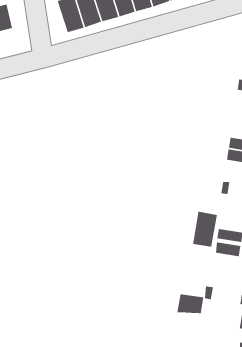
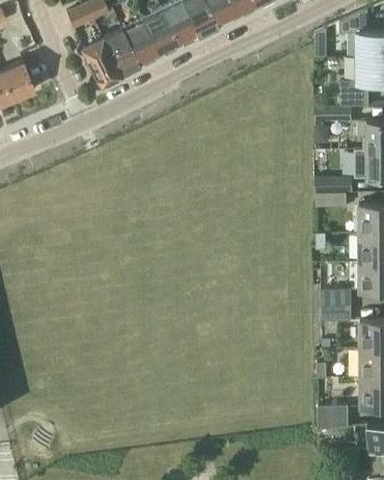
building: [192,211,217,247] -> none
building: [177,294,204,314] -> [318,405,348,429]

